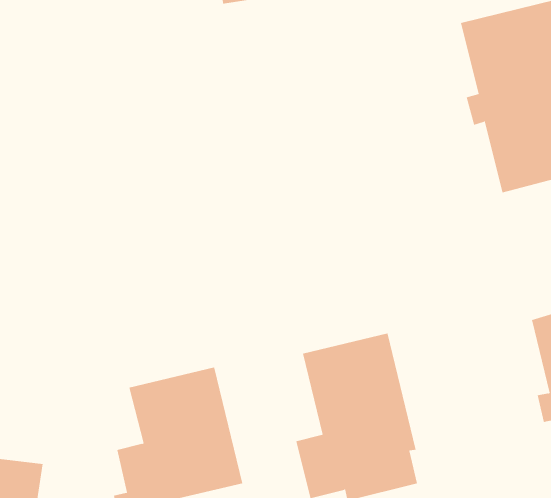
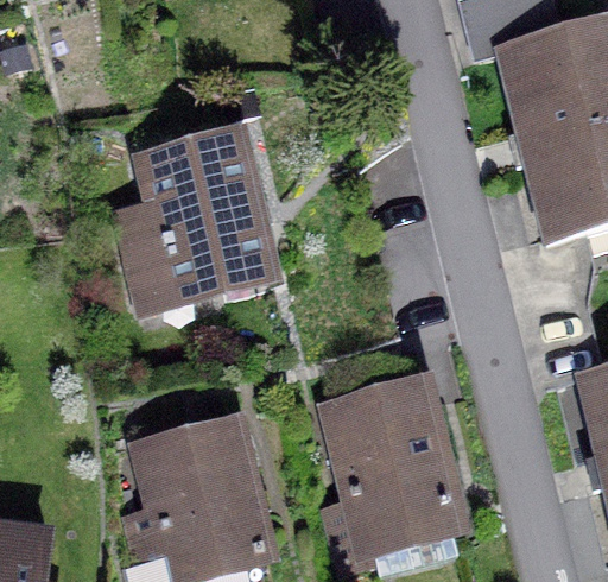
building: none -> [118,128,289,358]

